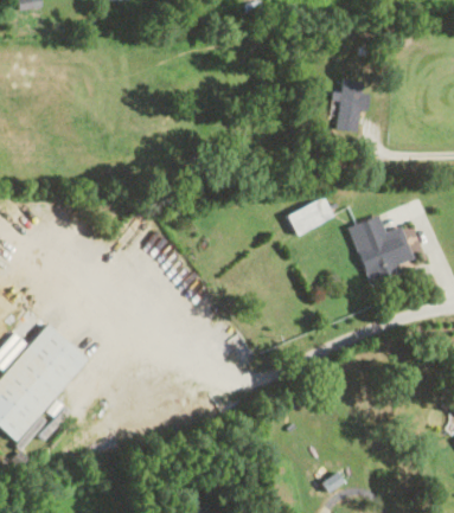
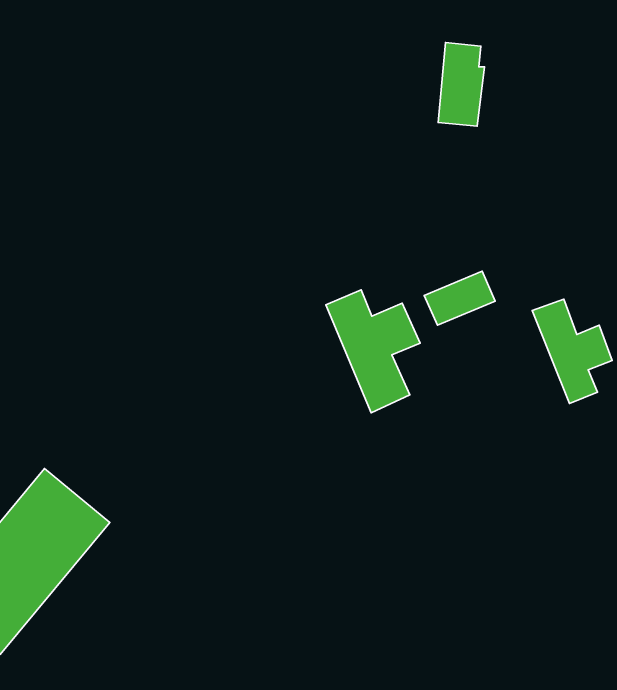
building: [337,79,366,133] -> [438,43,485,126]
building: none -> [326,290,420,413]

